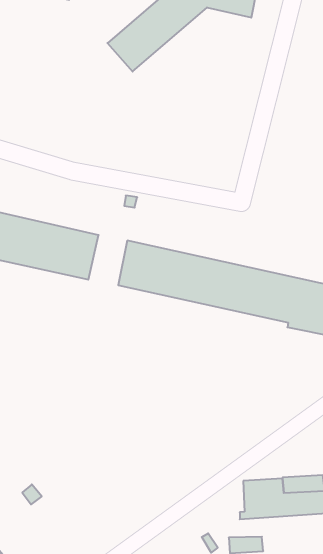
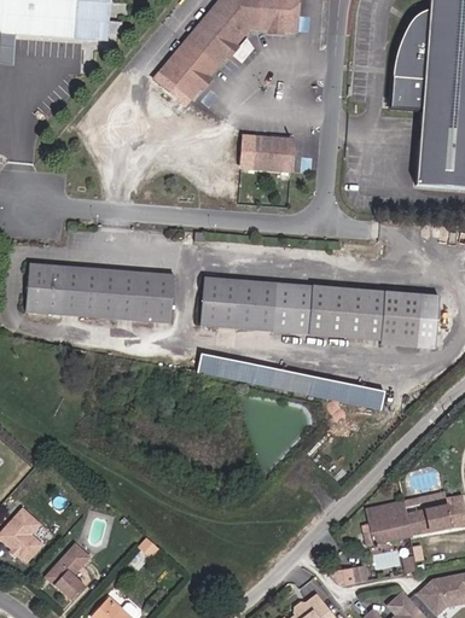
building: none -> [242,135,293,169]
building: none -> [199,356,390,407]

